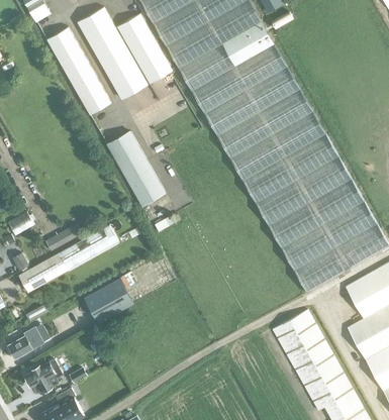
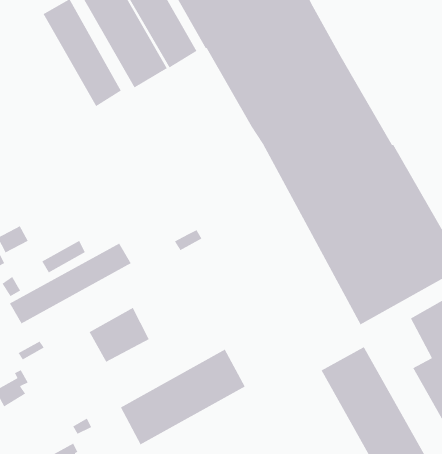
building: [107,132,166,206] -> none
building: none -> [120,348,246,446]
building: [25,358,63,392] -> none

